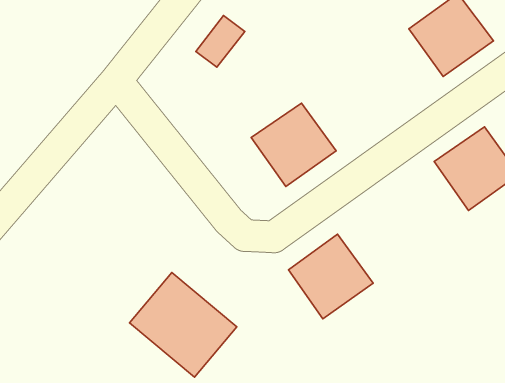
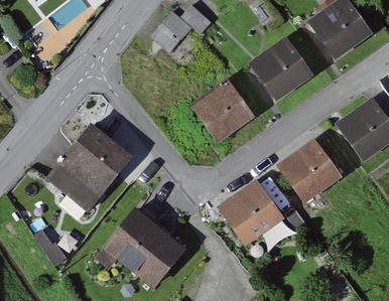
building: none -> [253,38,316,102]
building: none -> [44,124,129,211]
building: none -> [275,139,340,203]

